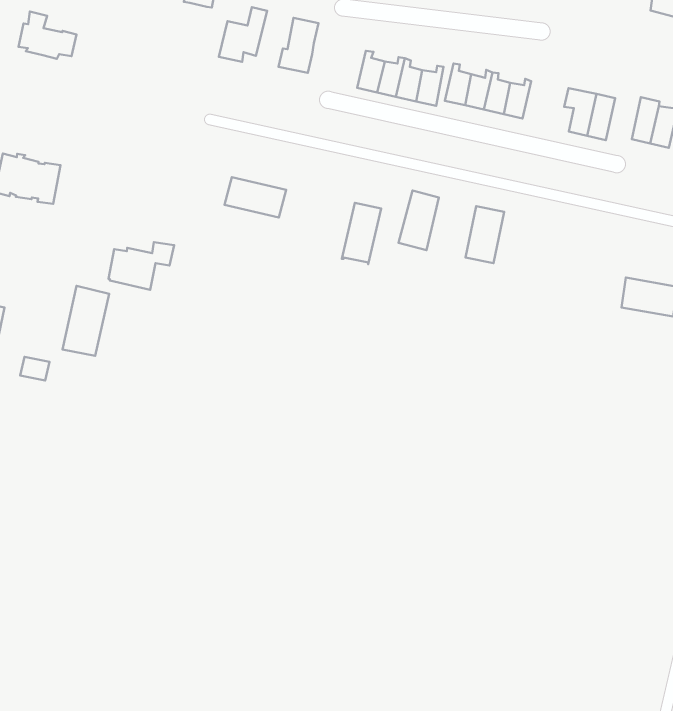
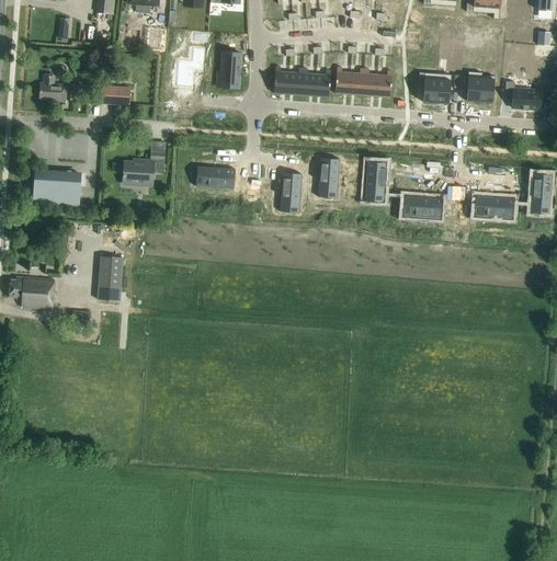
building: none -> [102,84,130,104]
building: [108,242,174,290] -> [123,151,164,184]
building: none -> [403,196,442,218]

